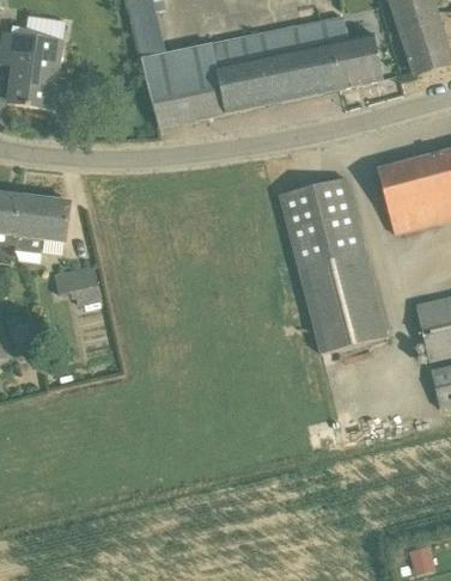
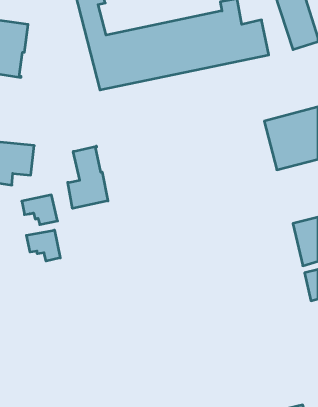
building: [280,176,386,351] -> none
building: none -> [68,146,108,208]
building: none -> [26,230,60,261]

